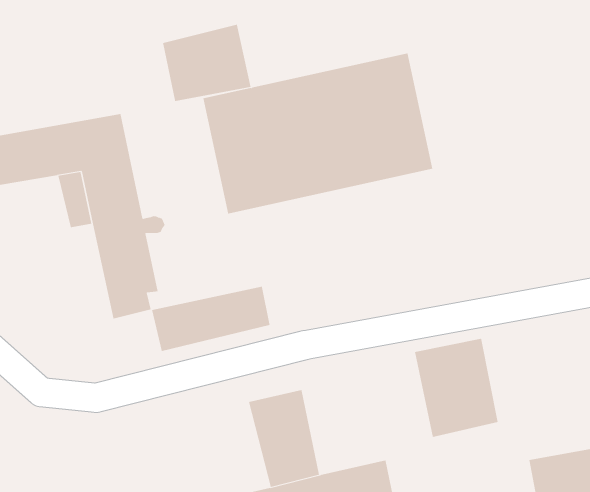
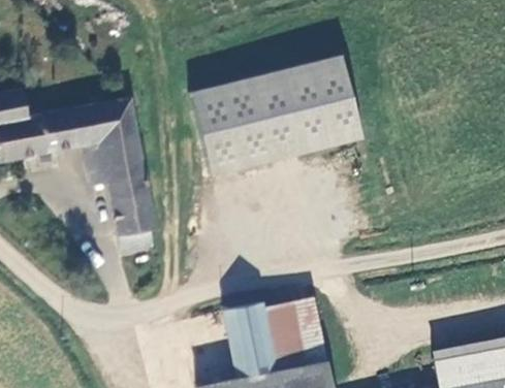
building: [163,24,251,102] -> none
building: [152,286,270,352] -> none
building: [414,338,498,437] -> [265,296,328,370]

